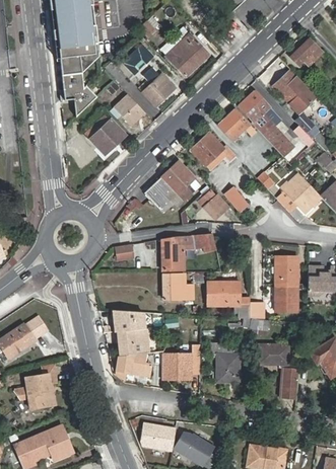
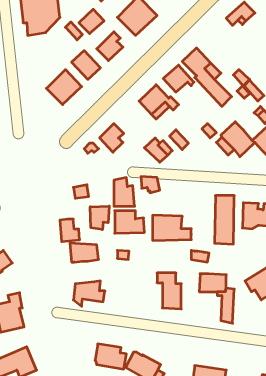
building: [273,71,315,111] -> none
building: [62,73,99,115] -> none
building: [161,159,196,199] -> none
building: none -> [90,206,109,230]
building: [117,330,139,356] -> [60,219,80,242]
building: [162,346,200,379] -> none

